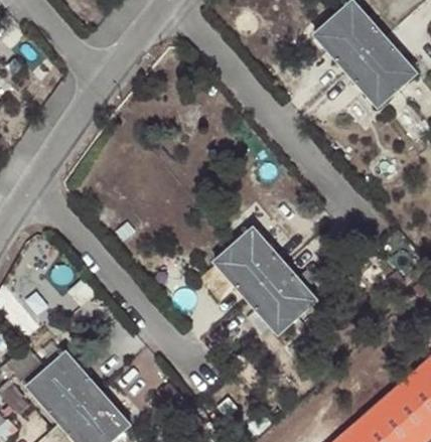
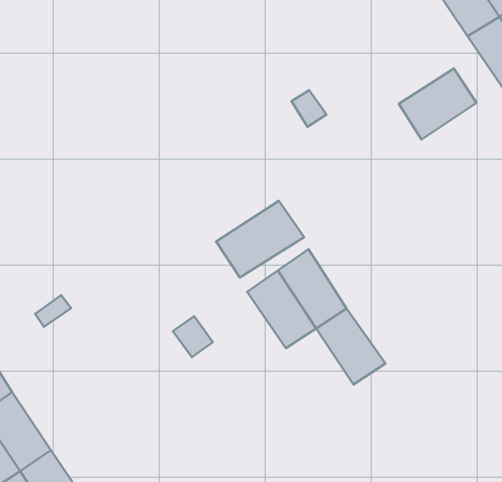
building: none -> [399,69,476,140]
building: none -> [216,201,304,277]
building: [248,282,297,334] -> none

